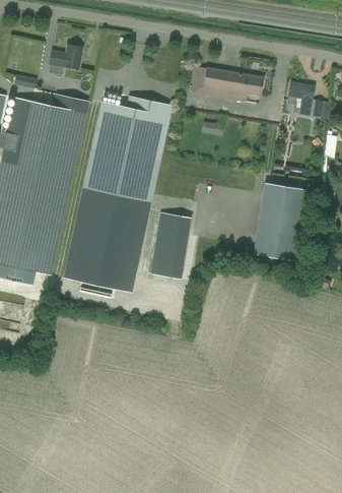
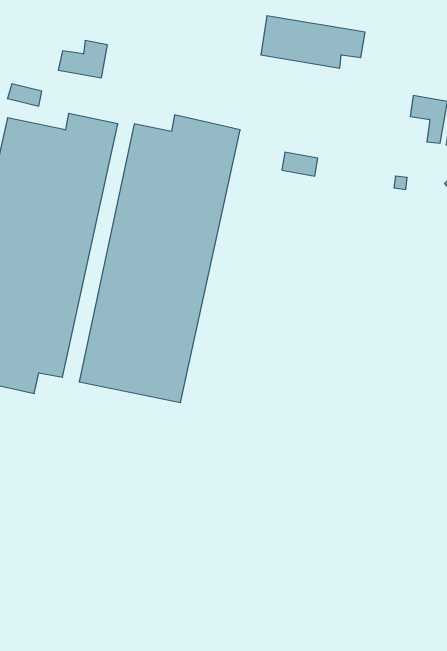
building: [192,67,263,103] -> [261,16,365,68]
building: [253,183,305,261] -> none
building: [150,212,190,280] -> none

